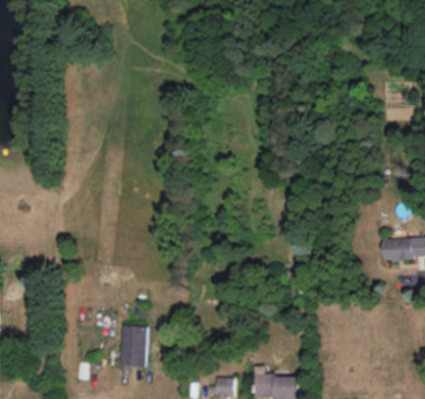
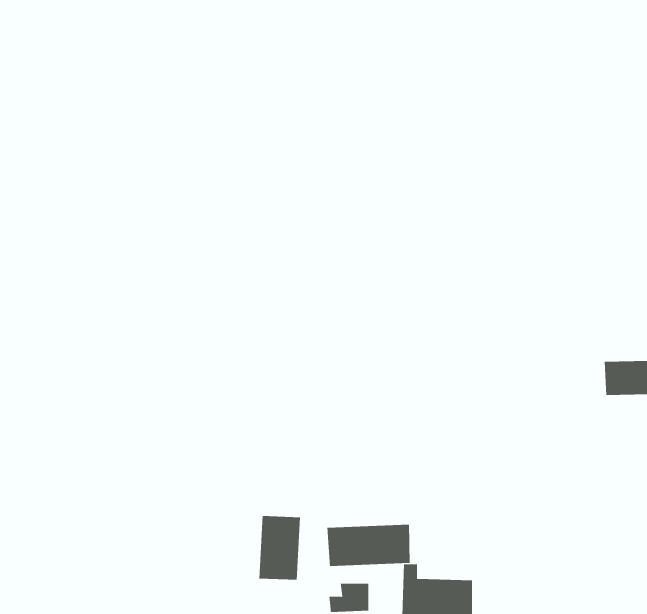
building: [120,326,147,366] -> [259,516,301,580]
building: none -> [327,524,410,567]

